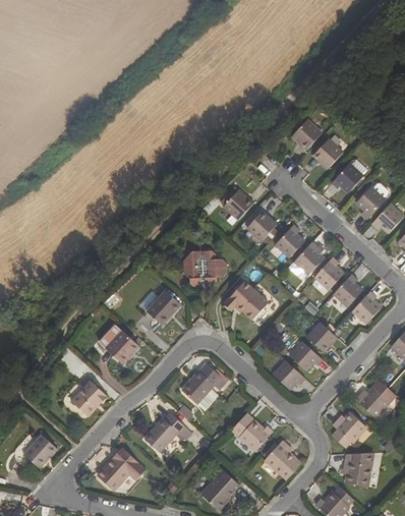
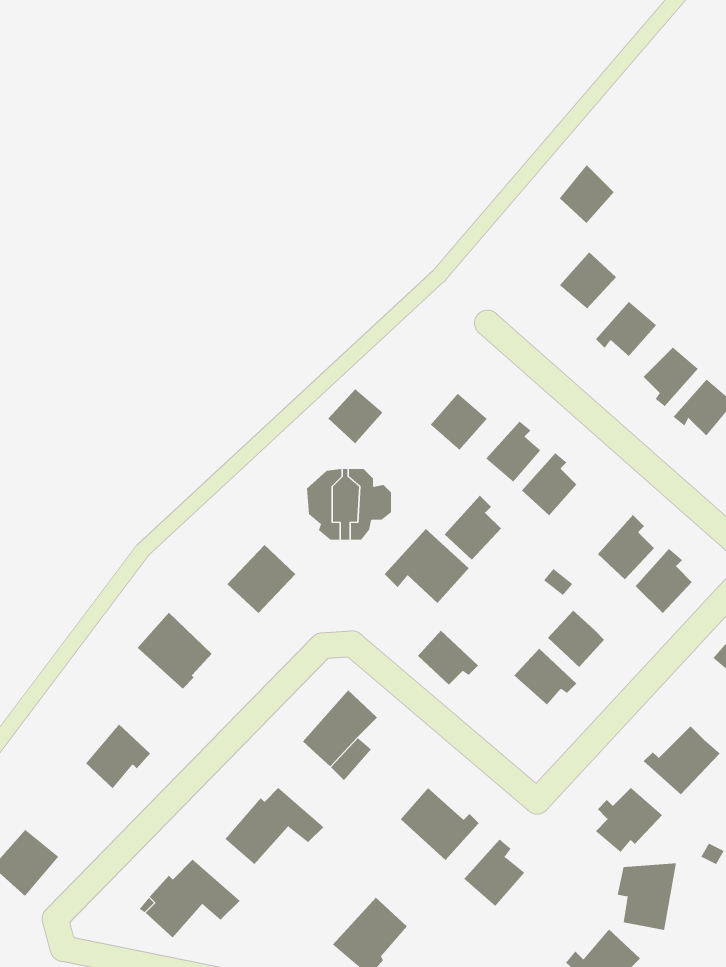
building: [293,119,322,150] -> [559,164,614,224]
building: [225,190,253,219] -> [327,389,383,444]
building: [314,255,344,289] -> [444,495,502,561]
building: [274,360,305,389] -> [417,630,479,686]

